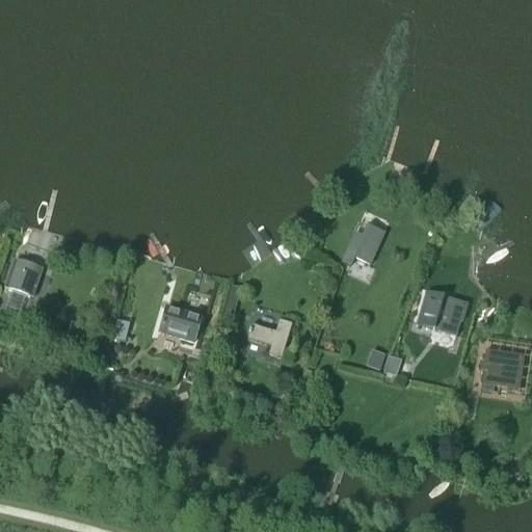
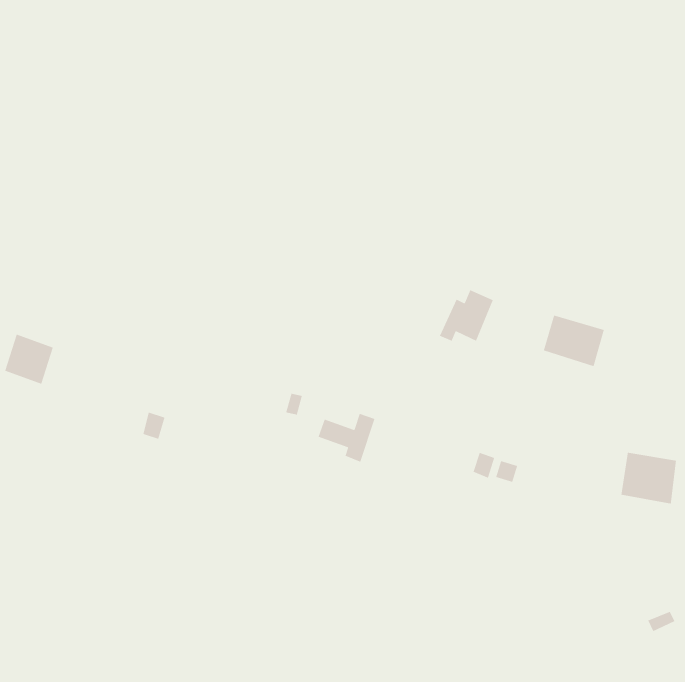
building: [418,293,466,334] -> [543,315,605,367]
building: [160,307,202,341] -> none

